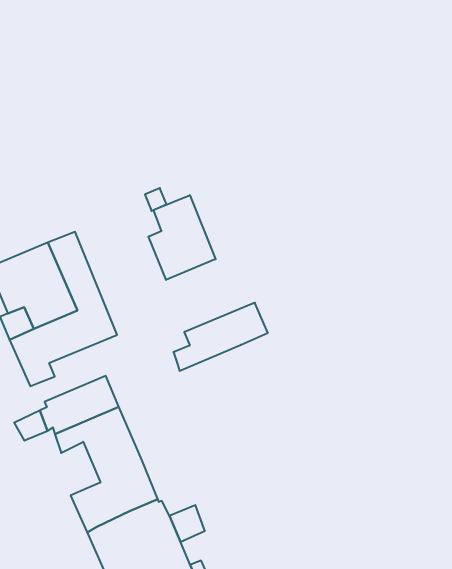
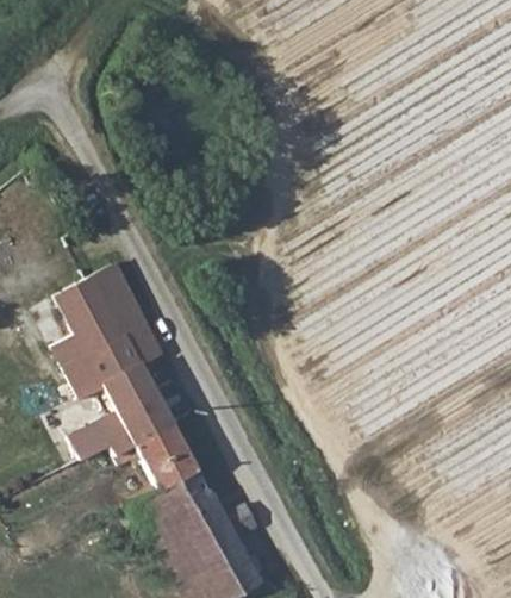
building: [148,195,216,280] -> none
building: [173,303,268,371] -> [96,354,181,422]

